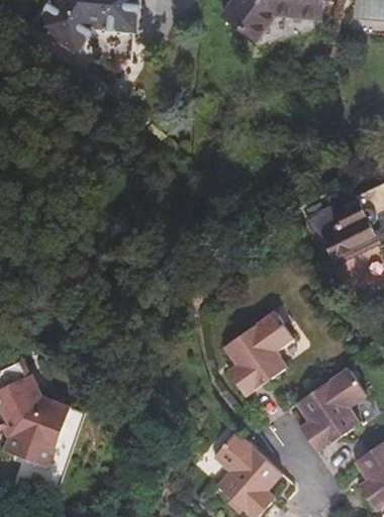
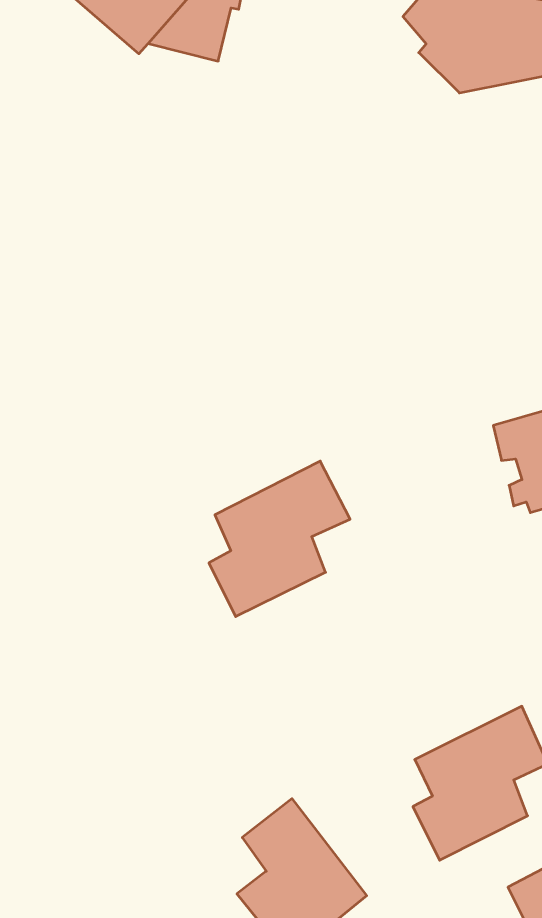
building: [224,307,294,394] -> [209,461,350,617]

